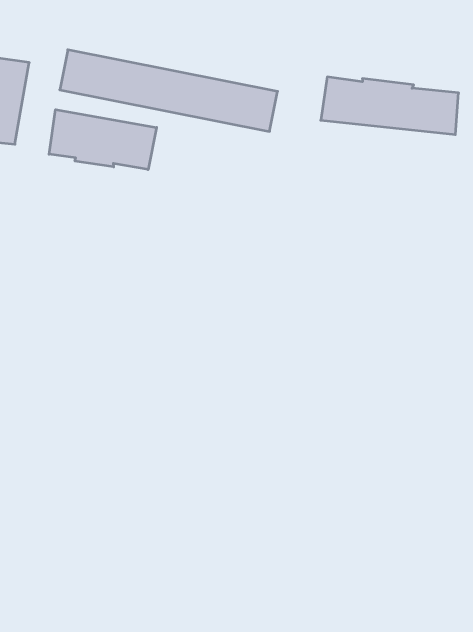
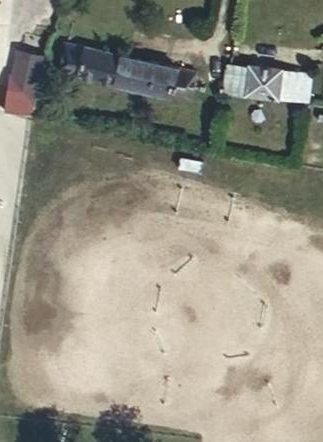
building: [49,110,157,170] -> none

